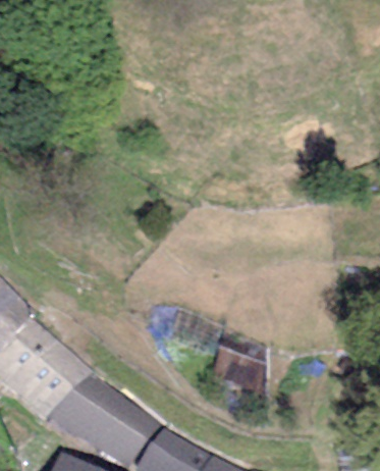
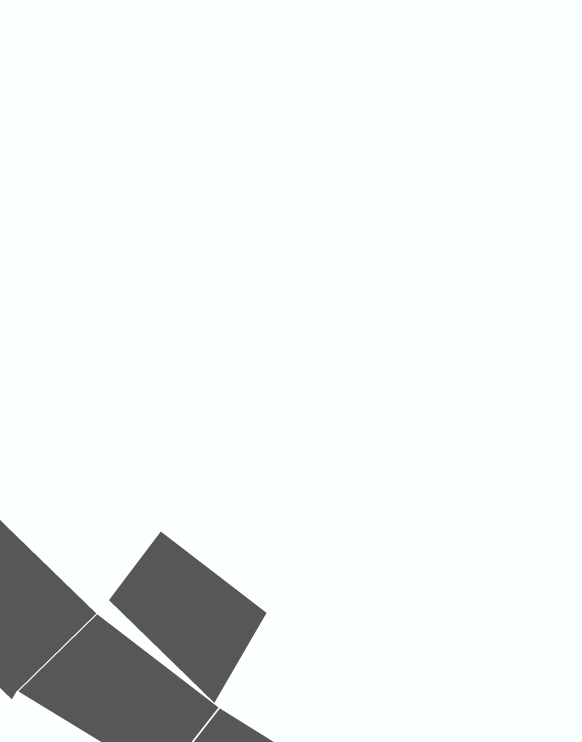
building: none -> [108,531,267,704]

